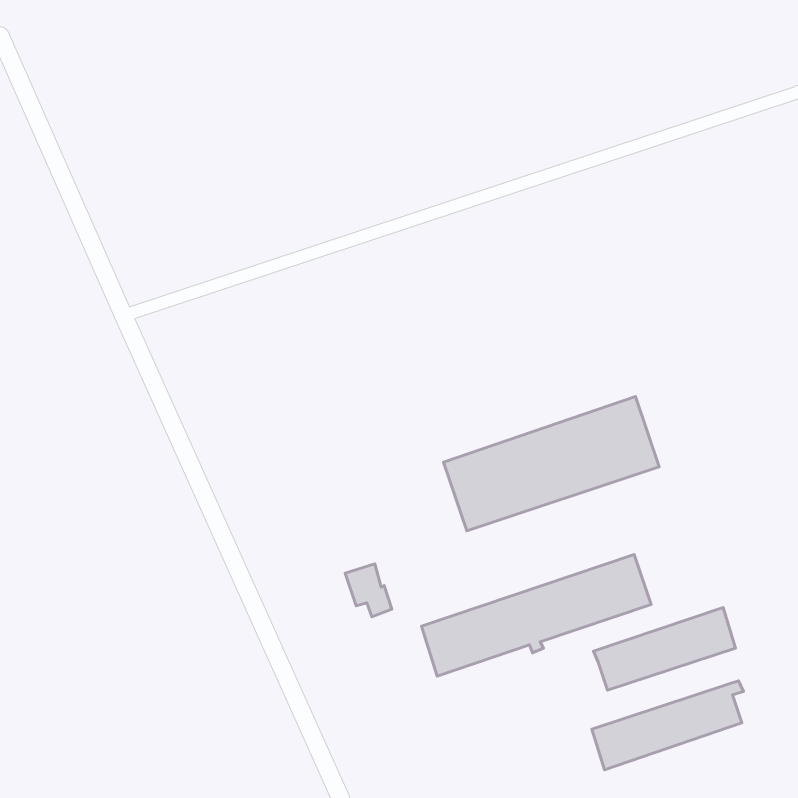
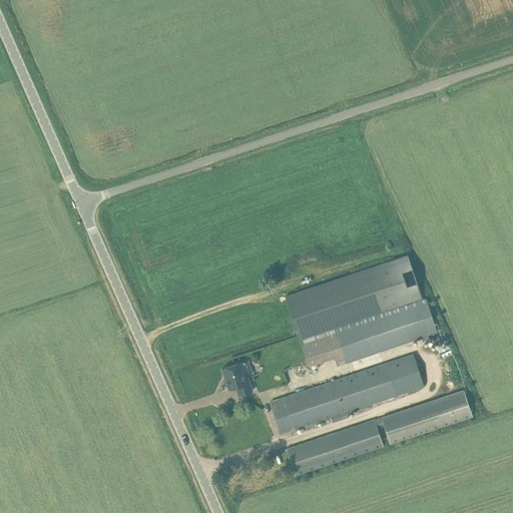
building: none -> [300,299,437,366]
building: [592,681,743,770] -> [287,418,384,475]

